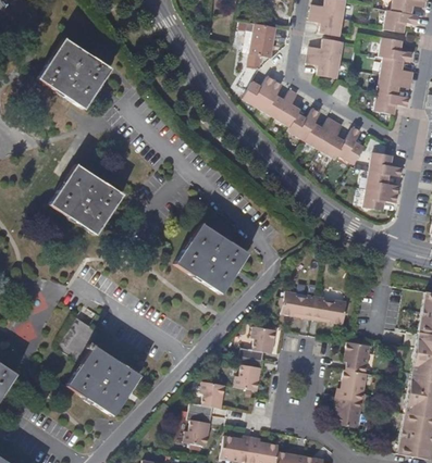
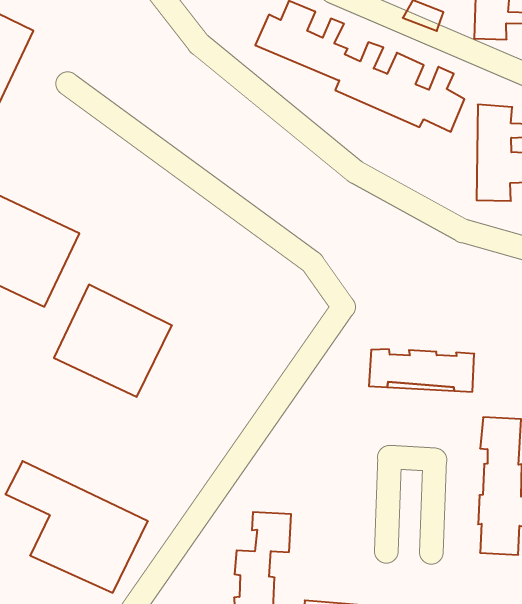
building: [172,225,246,297] -> [54,285,172,397]
building: [235,324,276,389] -> none

